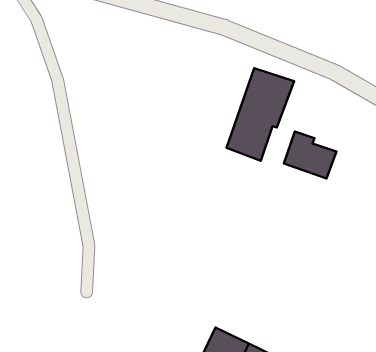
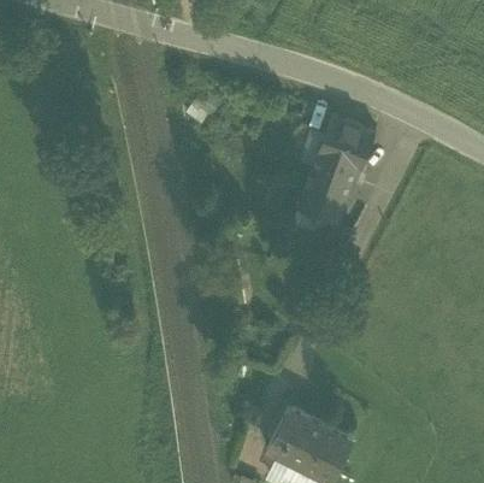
building: [284,131,337,179] -> none

